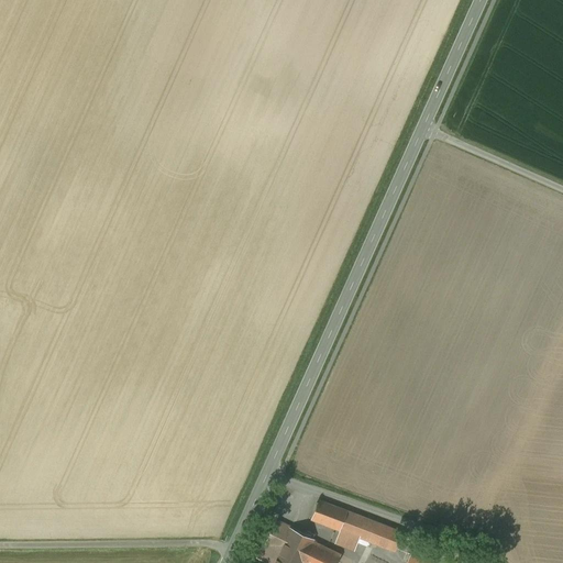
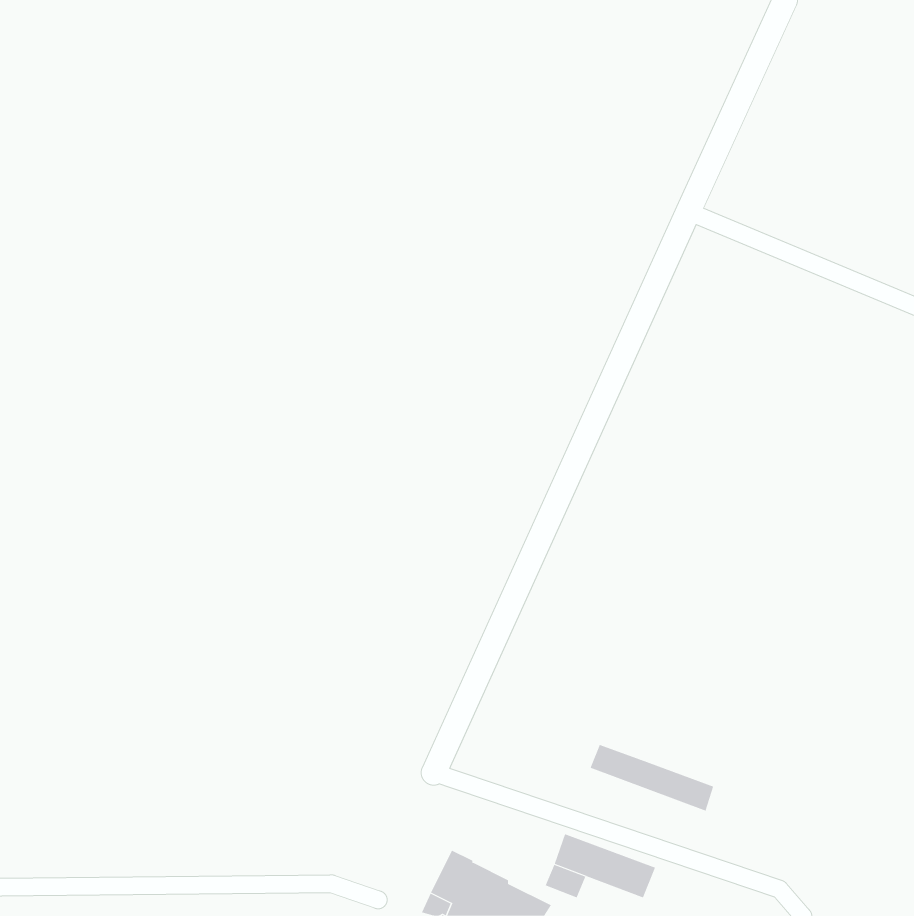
building: none -> [590,744,714,811]
building: [312,500,347,530] -> none

